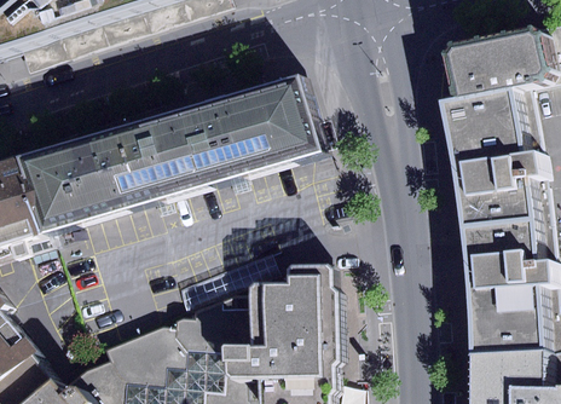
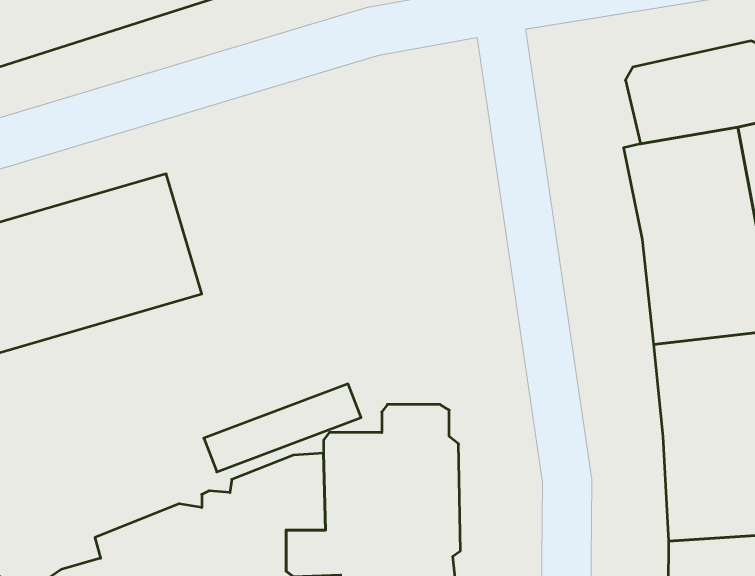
building: [152,74,316,192] -> none

